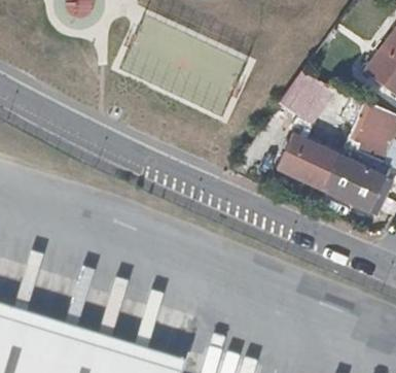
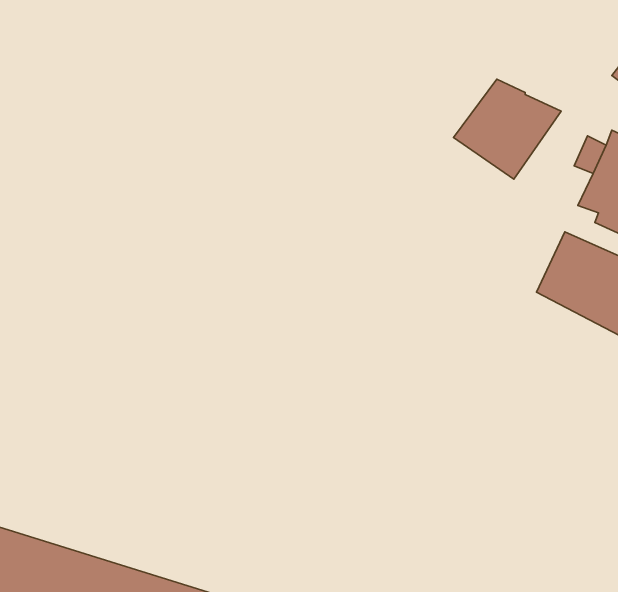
building: [276,124,338,189] -> none

